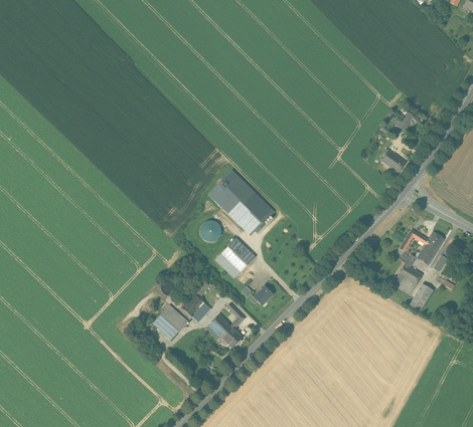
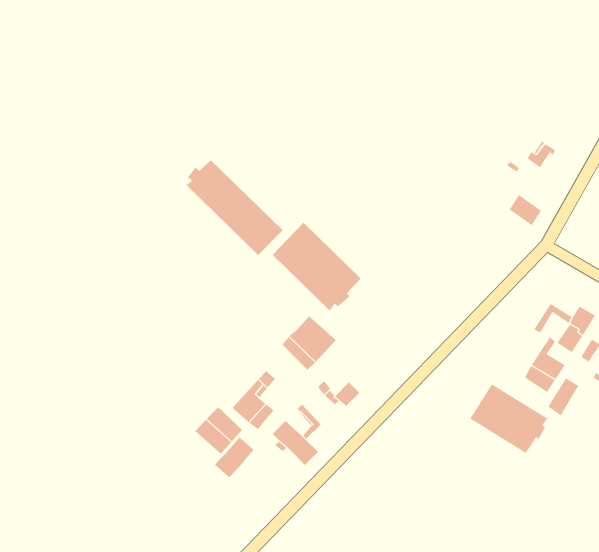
building: none -> [185,159,284,256]
building: [199,220,221,242] -> none
building: none -> [470,384,548,454]
building: none -> [214,436,255,478]

